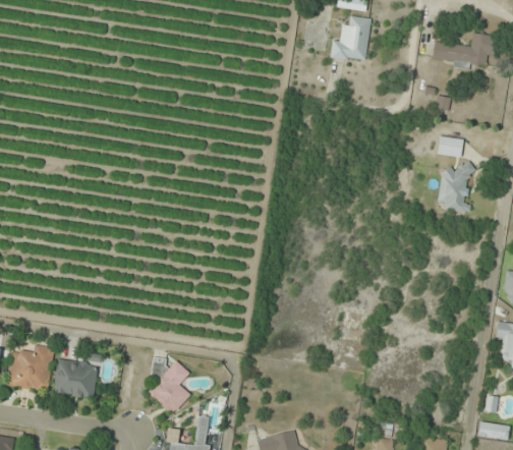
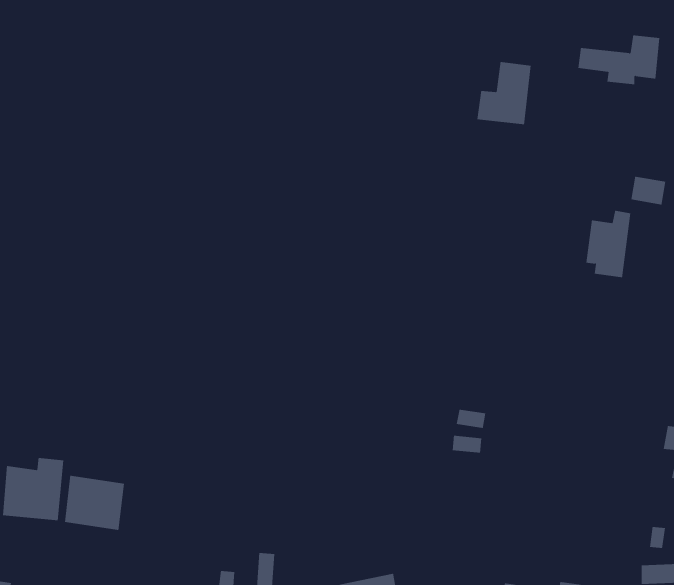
building: [330,15,370,62] -> [476,61,532,125]
building: [437,135,463,157] -> [630,176,666,205]
building: [147,357,190,415] -> none

